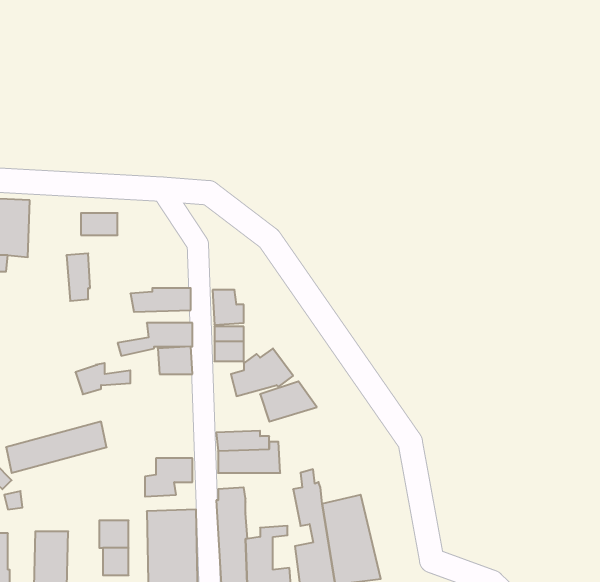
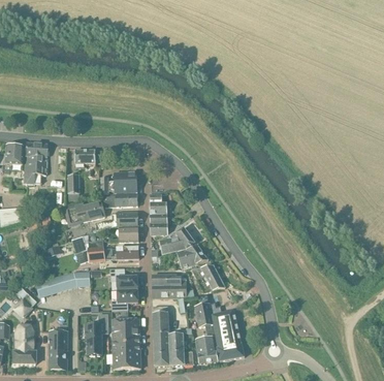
building: none -> [101,171,137,193]
building: none -> [67,201,105,224]
building: none -> [76,247,139,263]
building: none -> [192,264,225,292]
building: none -> [110,268,138,289]

